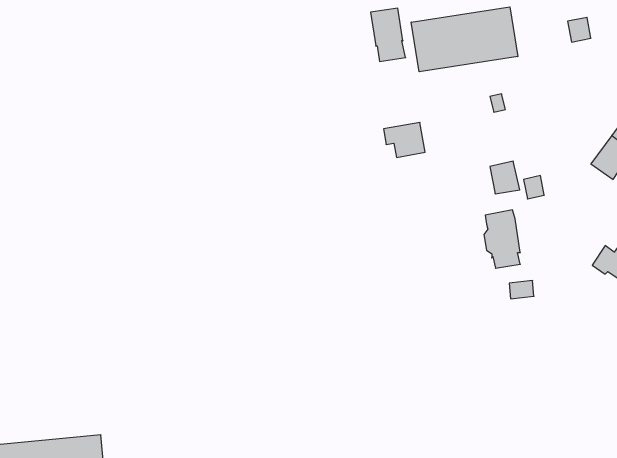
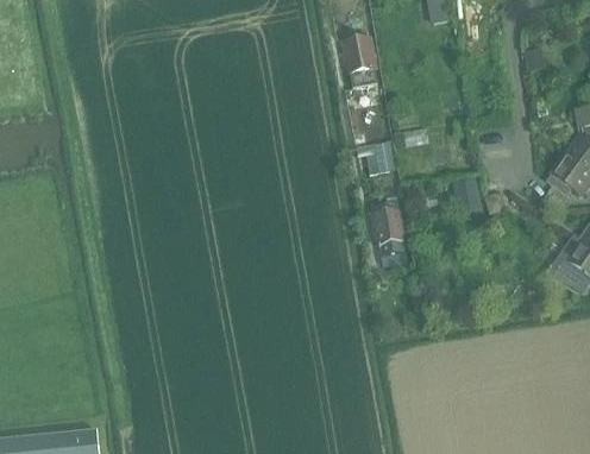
building: [411,7,518,72] -> none
building: [484,210,520,268] -> [370,201,403,254]

